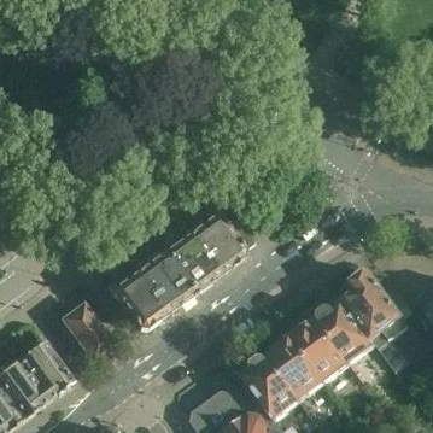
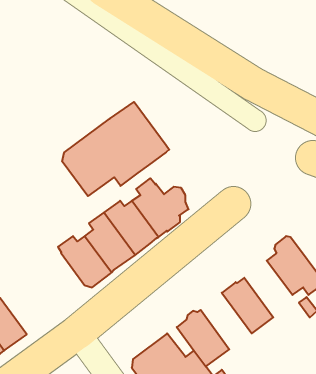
building: none -> [62,102,169,196]
building: [315,302,374,365] -> none
building: [60,306,110,359] -> none
building: [265,338,323,402] -> none

